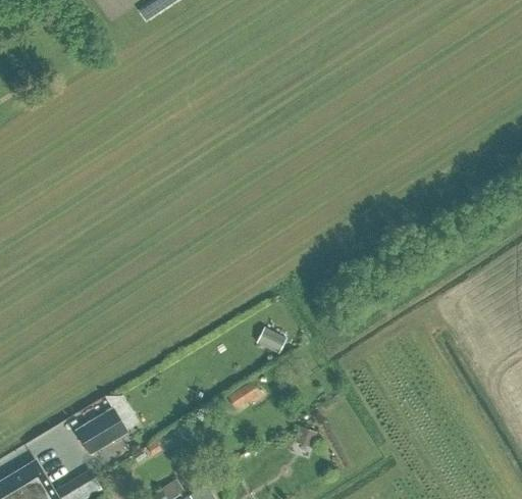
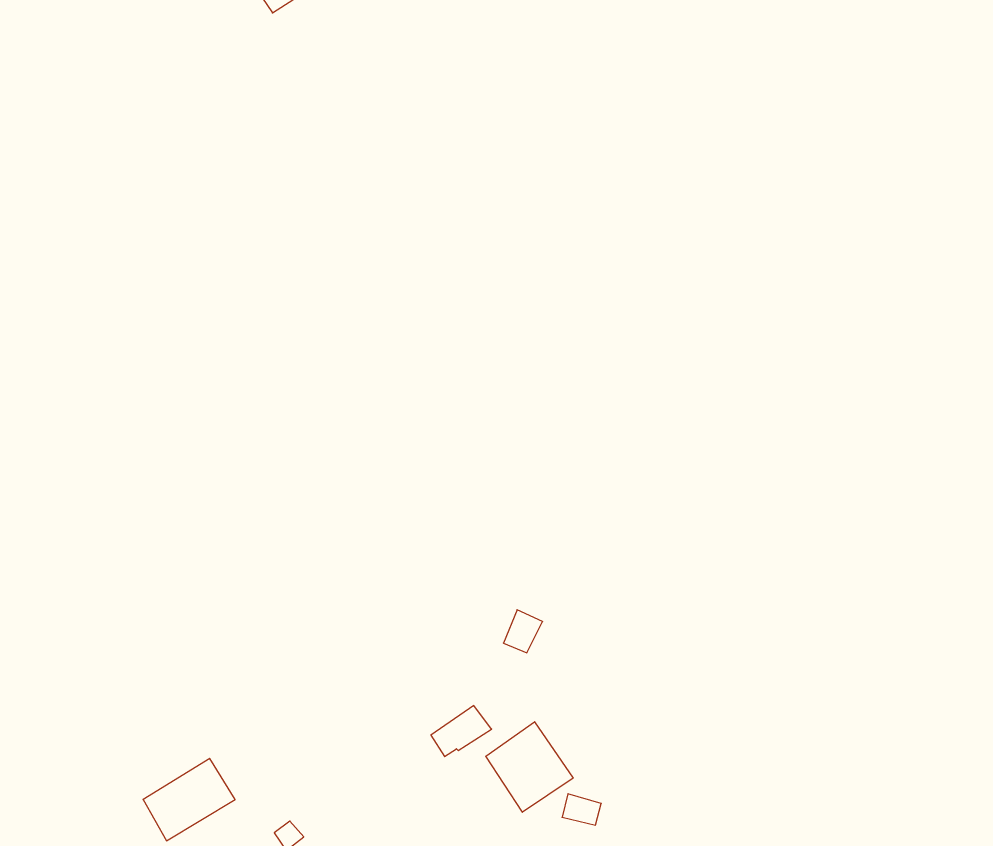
building: none -> [486,722,573,812]

